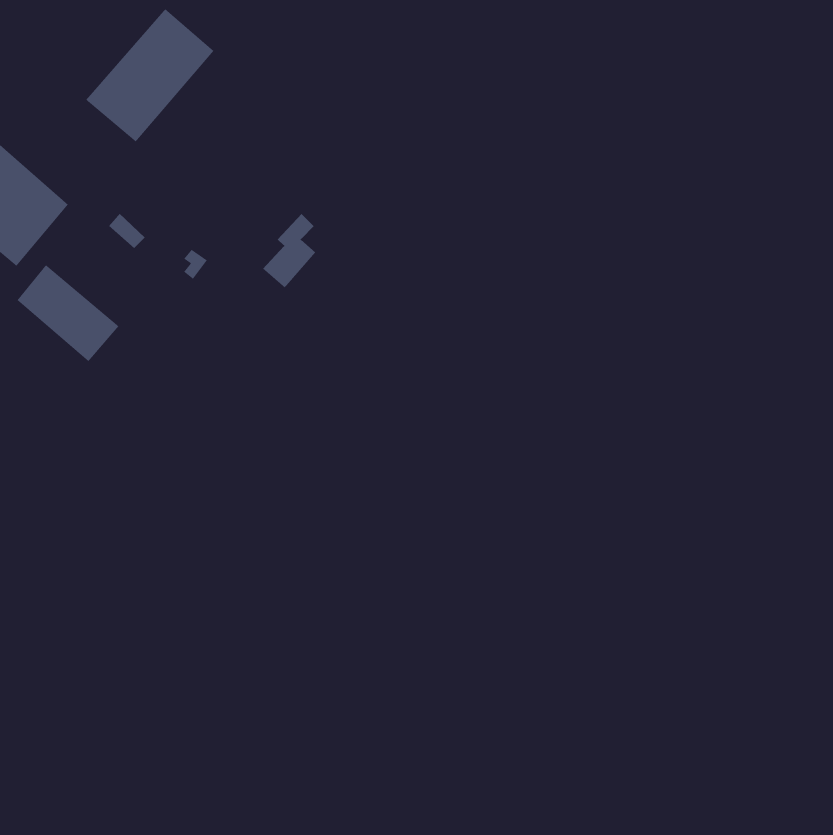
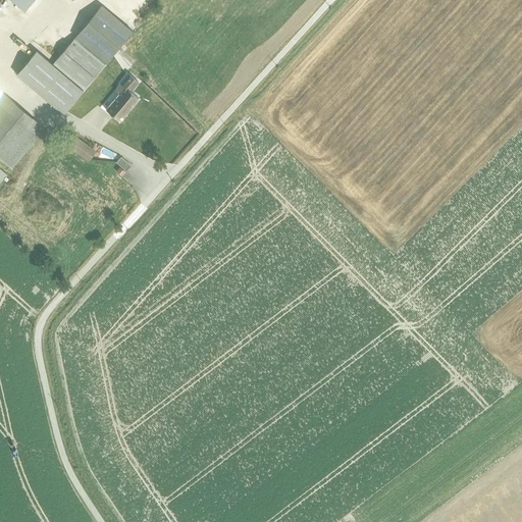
building: [262,213,316,289] -> [106,74,140,121]
building: [17,264,120,362] -> [17,54,82,115]

